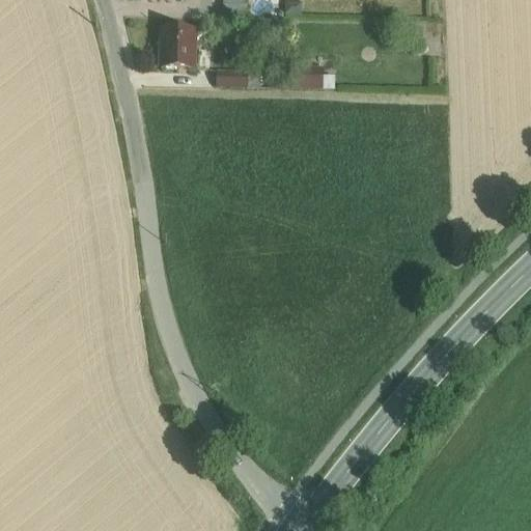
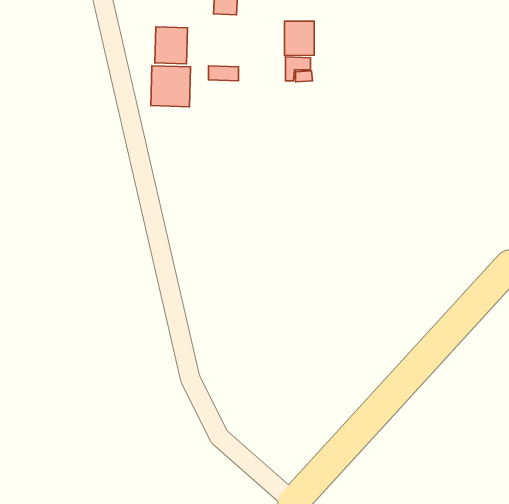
building: none -> [285,21,314,55]
building: none -> [151,66,190,107]

